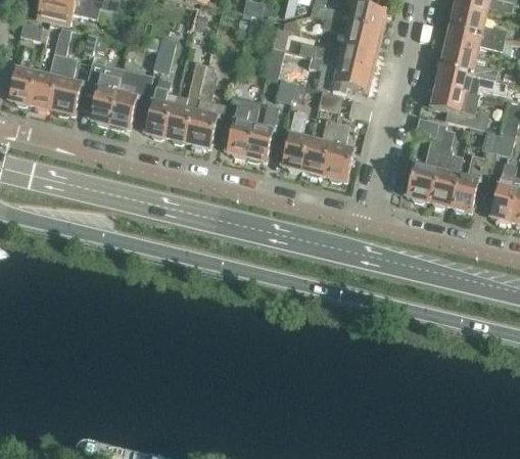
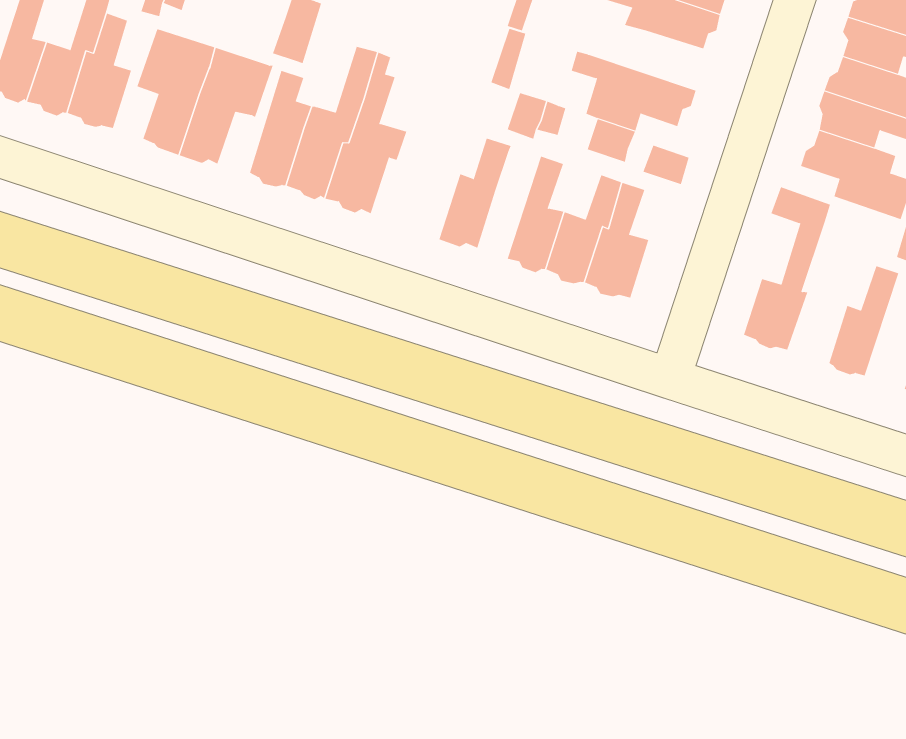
building: [298,38,374,71] -> none
building: [222,93,259,157] -> none
building: [429,146,463,205] -> none

